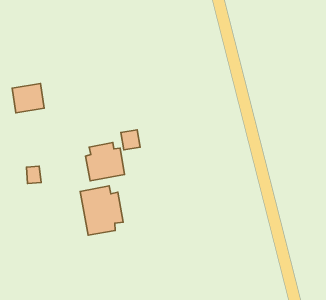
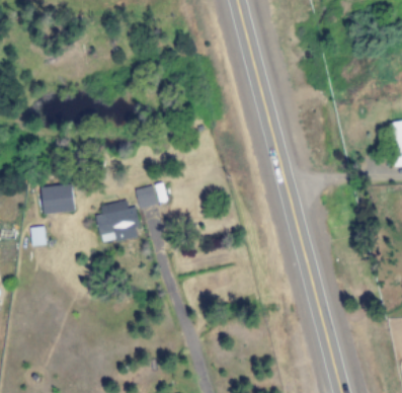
building: [12,84,44,113] -> [39,182,75,215]
building: [80,186,123,235] -> none

